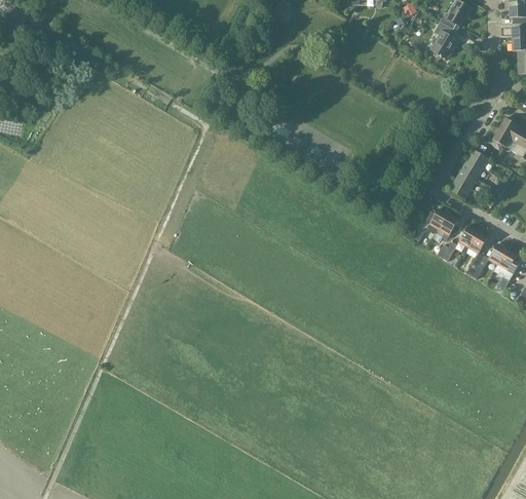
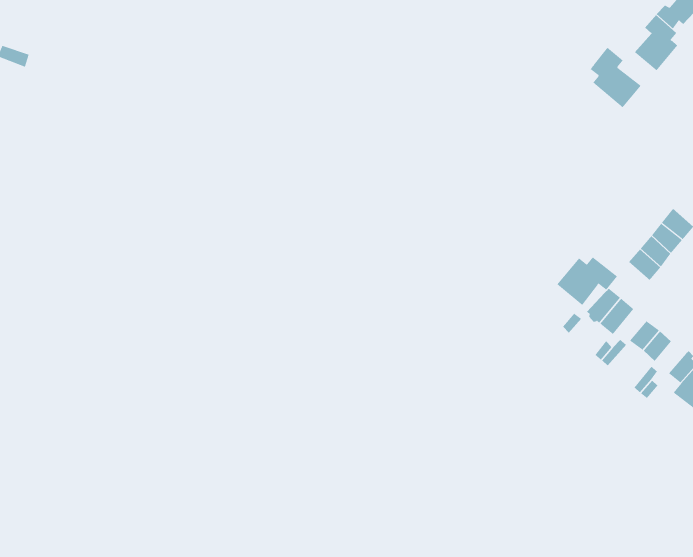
building: none -> [590,47,641,108]
building: none -> [557,256,618,306]

